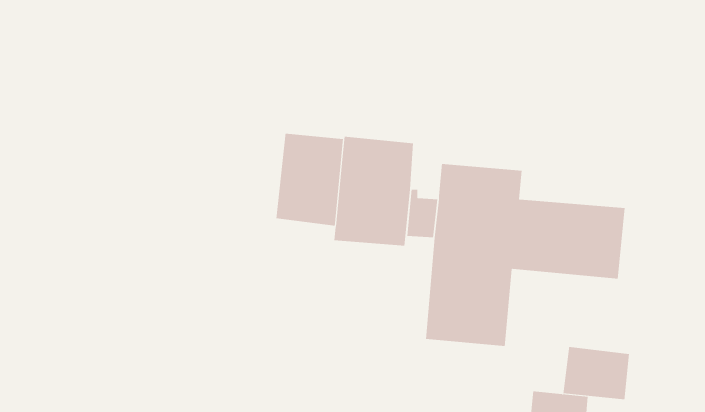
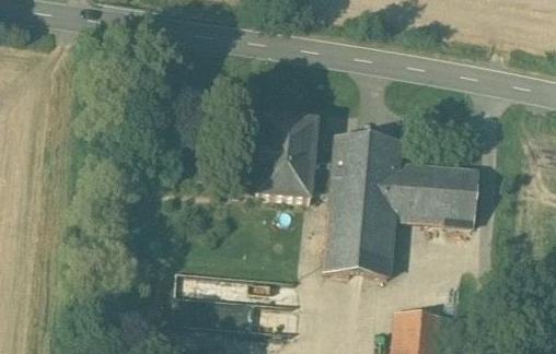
building: [276,133,343,226] -> none
building: [563,346,630,400] -> none

